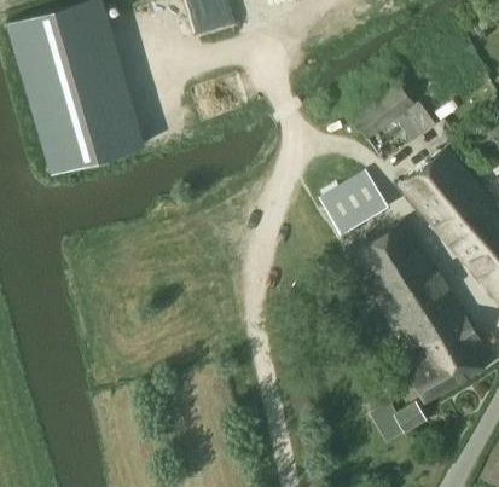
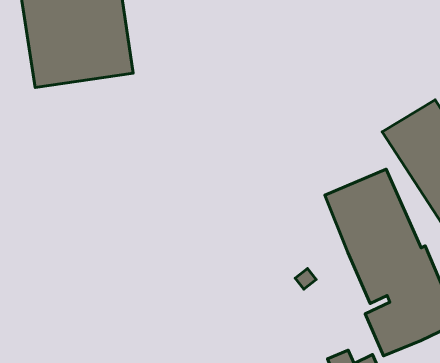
building: [349,81,434,160] -> none
building: [318,168,387,233] -> none

